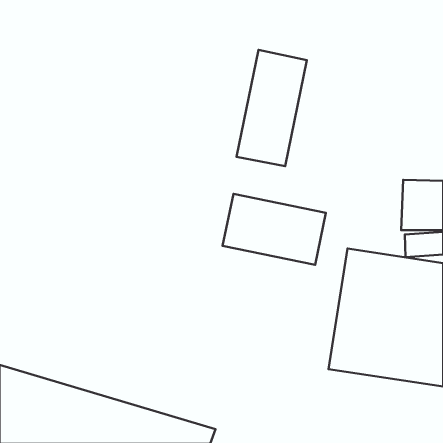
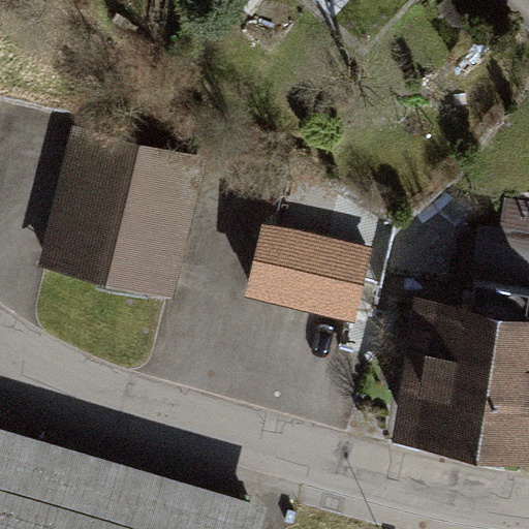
building: [236,50,307,166] -> none
building: none -> [51,126,210,292]

